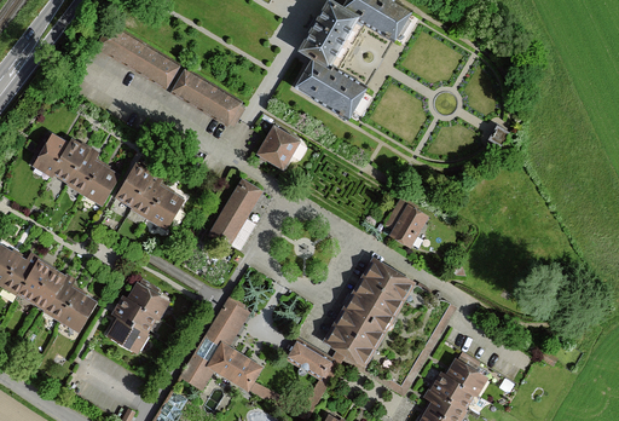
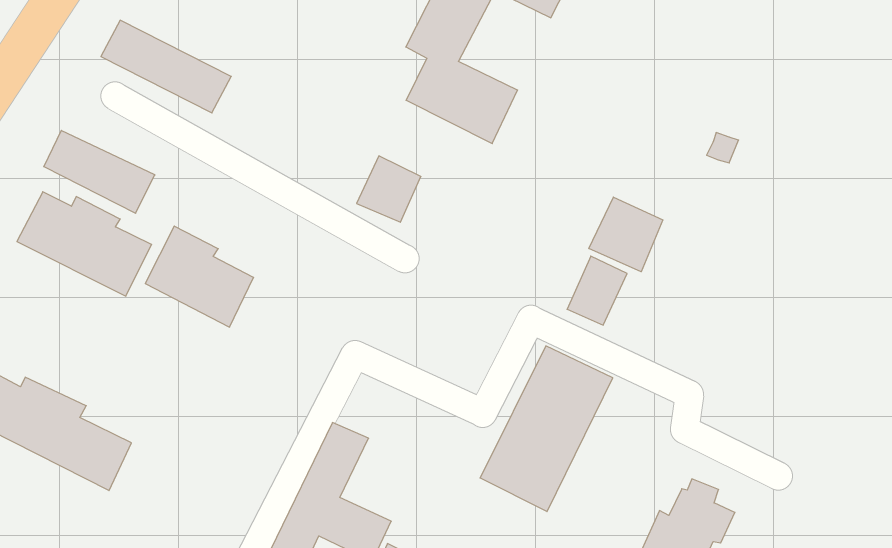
building: [170,68,243,126] -> [44,130,155,213]
building: none -> [589,197,663,272]
building: [209,177,265,247] -> none
building: [106,281,170,353] -> none
building: [288,341,332,379] -> none

